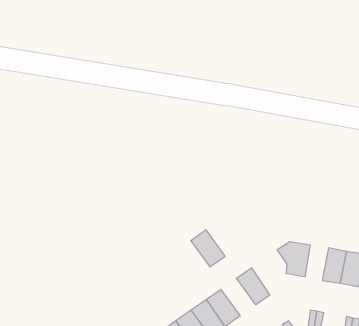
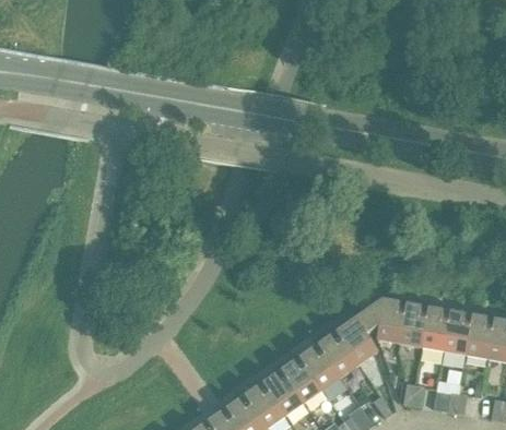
building: [191,230,225,267] -> [298,345,340,390]
building: none -> [400,304,428,347]
building: none -> [336,313,377,365]

